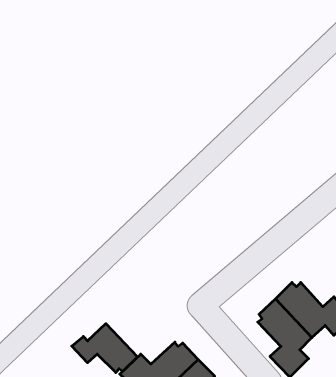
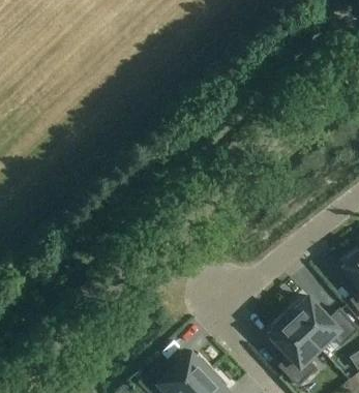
building: [72,324,138,373] -> none

